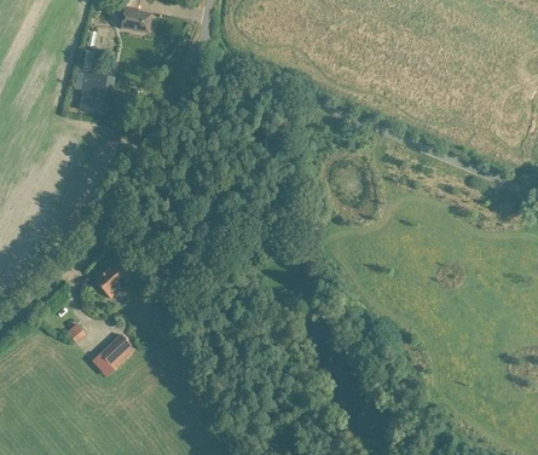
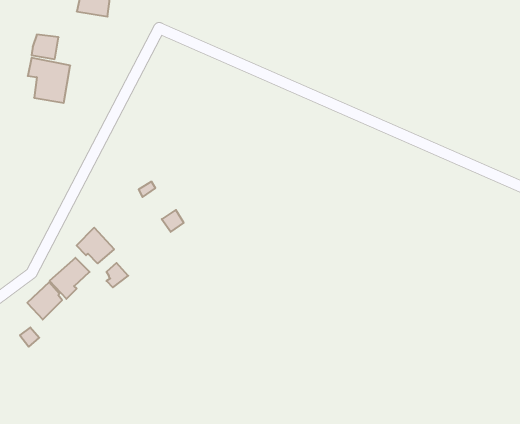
building: none -> [77,228,114,263]
building: [99,334,132,369] -> [27,282,62,320]

